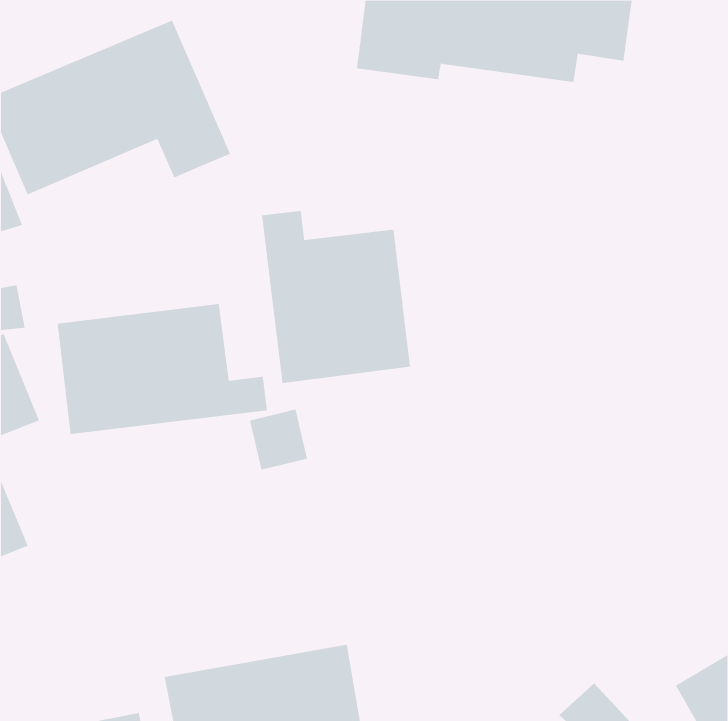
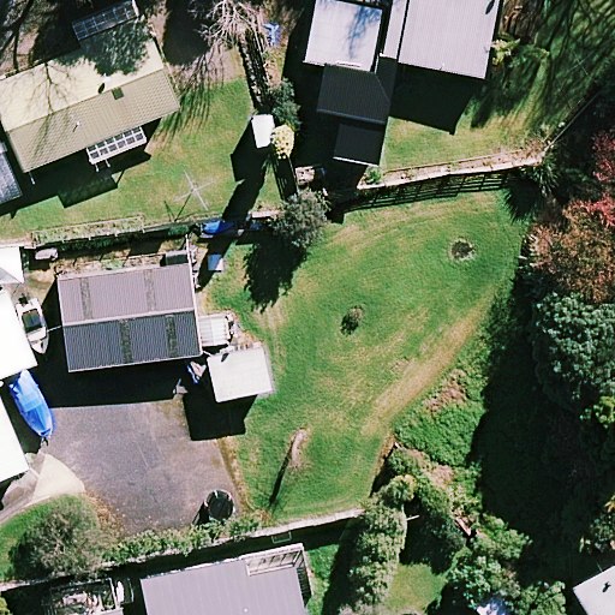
building: [262,210,411,384] -> none

